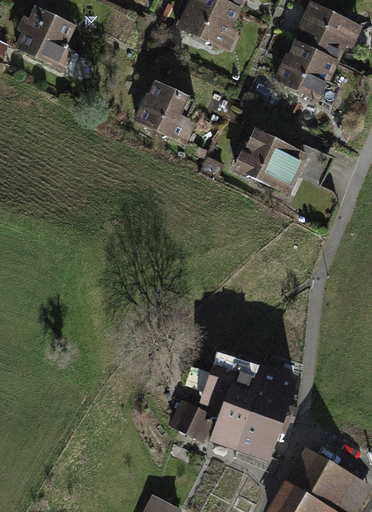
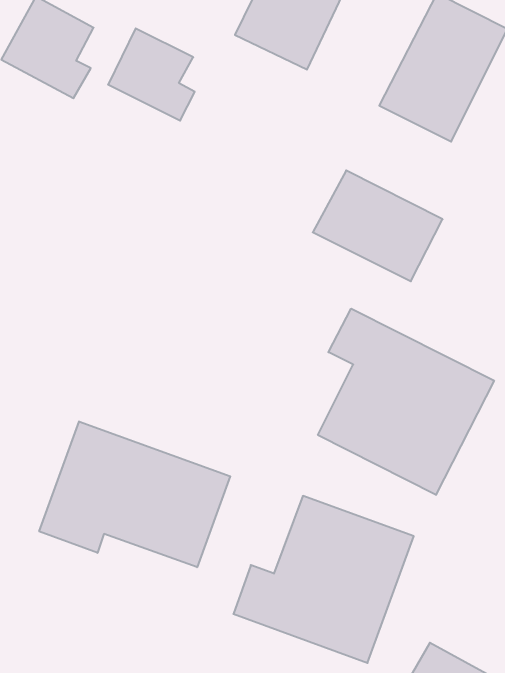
building: [135,79,195,143] -> [108,28,195,121]
building: none -> [318,309,494,495]
building: none -> [39,421,230,567]

